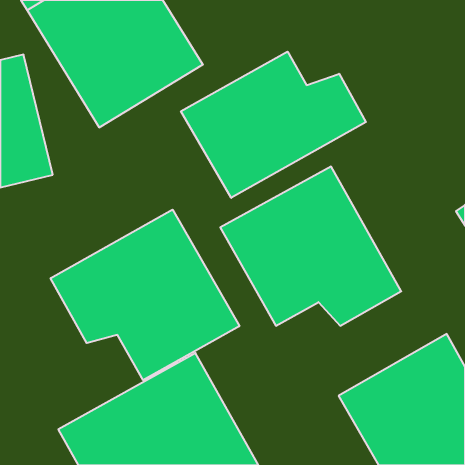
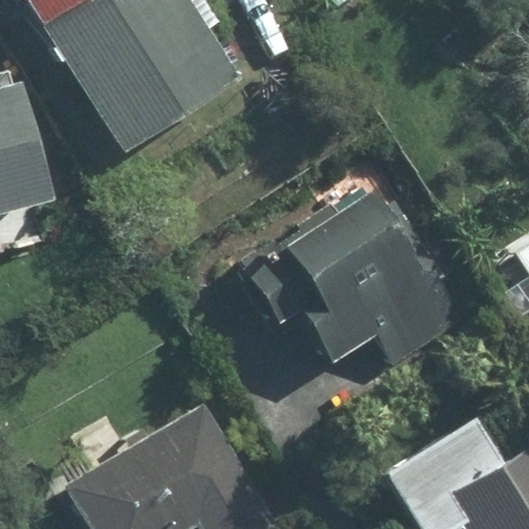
building: [181,52,366,198] -> none
building: [51,210,239,380] -> none

